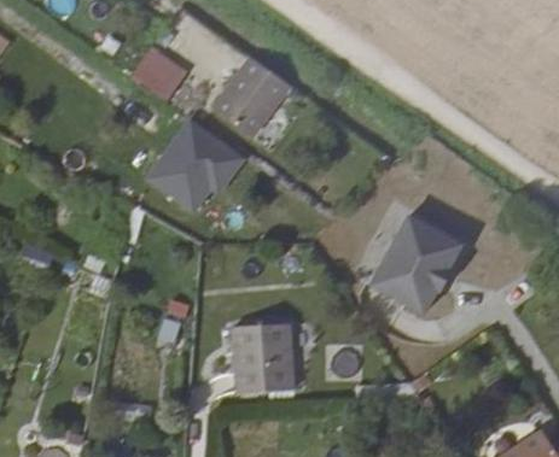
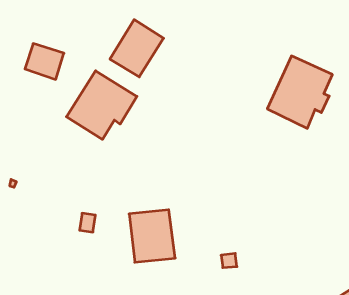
building: [134,48,188,99] -> [25,44,64,79]
building: [360,206,452,306] -> [267,56,332,128]

